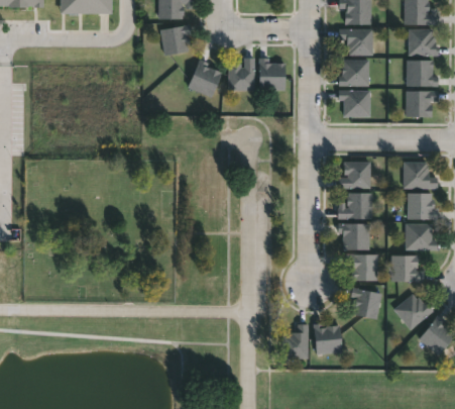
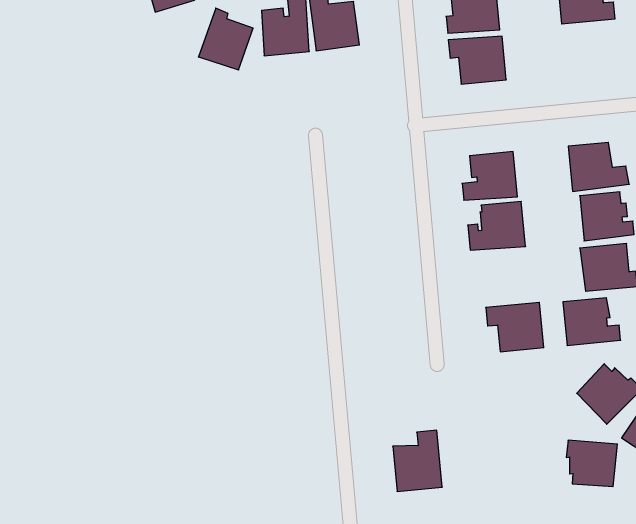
building: [405,91,439,118] -> none
building: [338,221,369,248] -> none
building: [351,287,382,317] -> [566,440,617,487]
building: [313,321,343,353] -> none

